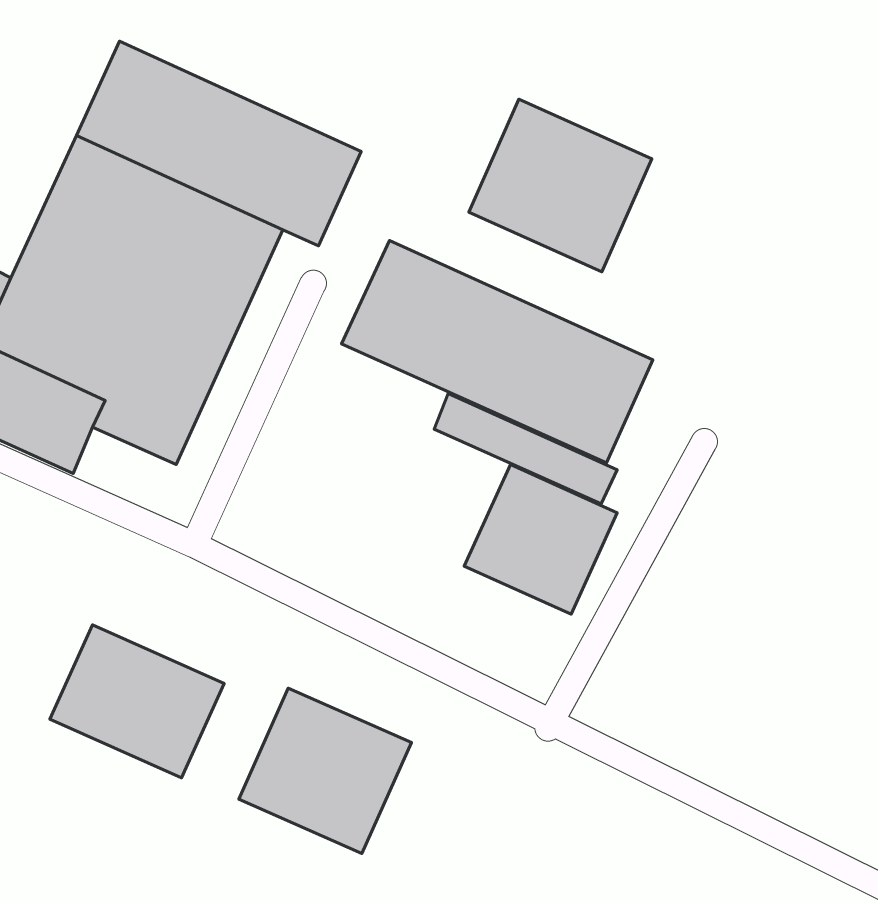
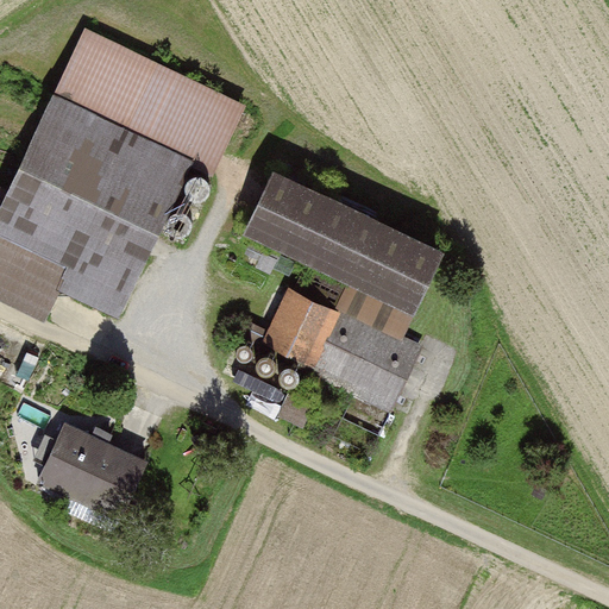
building: [469,99,652,272] -> none
building: none -> [256,284,345,368]
building: [239,688,411,853] -> none

